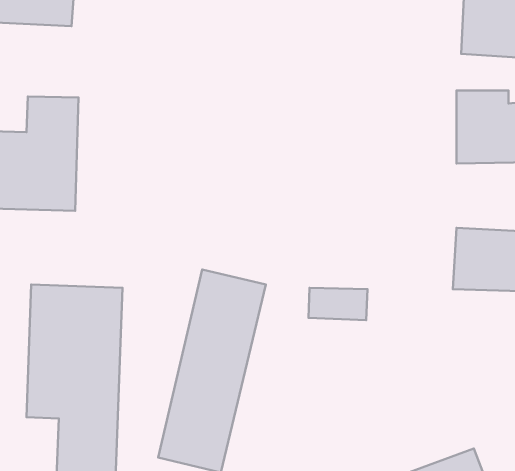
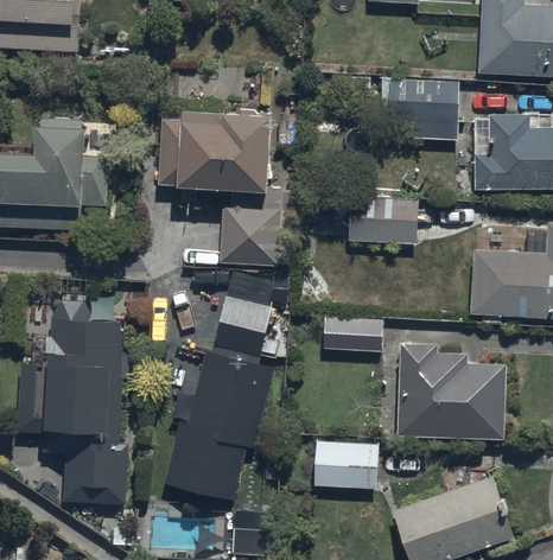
building: none -> [381,75,458,138]
building: none -> [159,101,294,263]
building: none -> [349,193,417,240]
building: none -> [398,344,504,443]
building: none -> [313,434,377,485]

